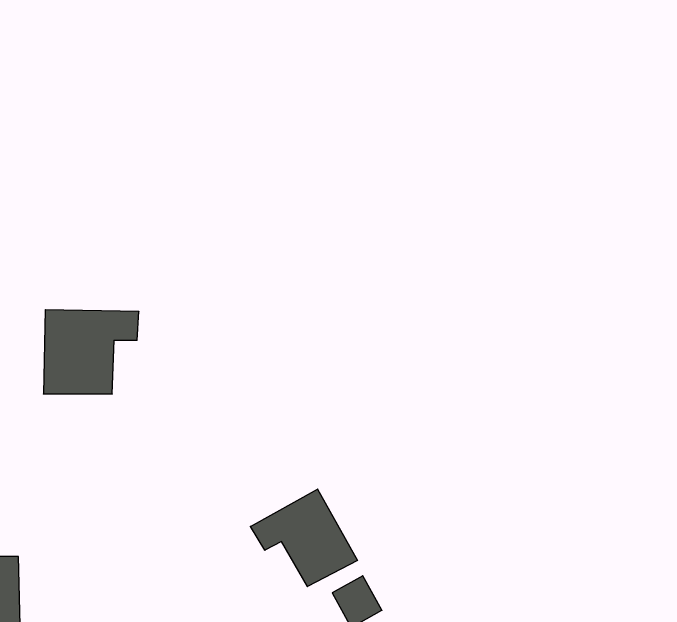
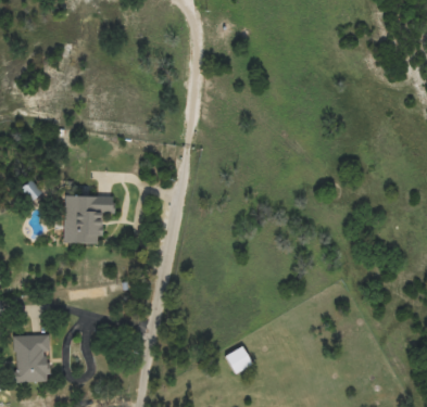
building: [250,489,357,587] -> none

